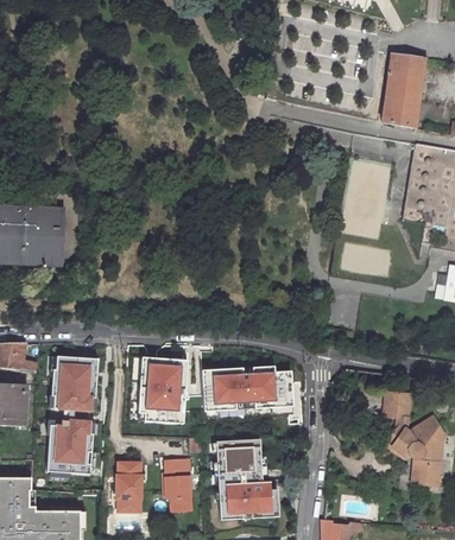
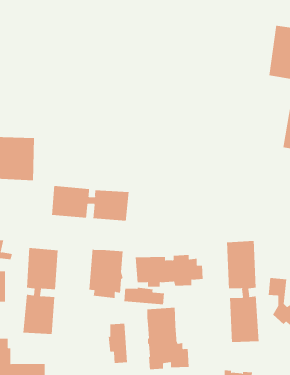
building: none -> [52,185,129,222]
building: none -> [227,240,259,343]
building: none -> [124,287,164,305]
building: [115,463,140,513] -> none

